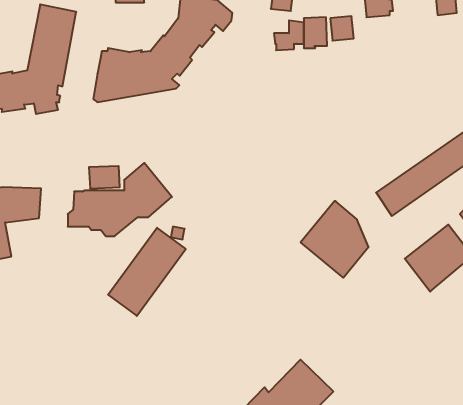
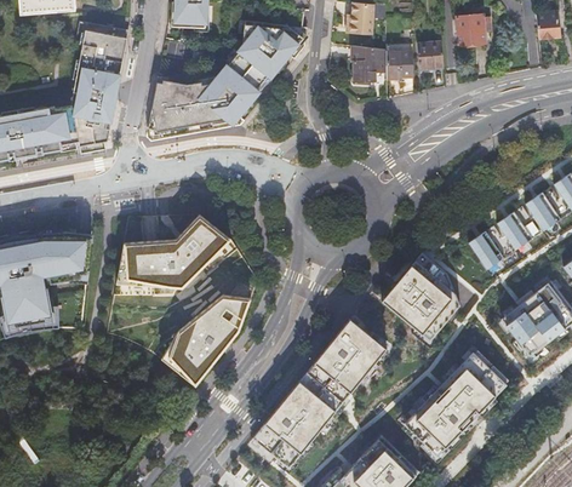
building: none -> [253,317,387,466]
building: none -> [405,351,508,456]

